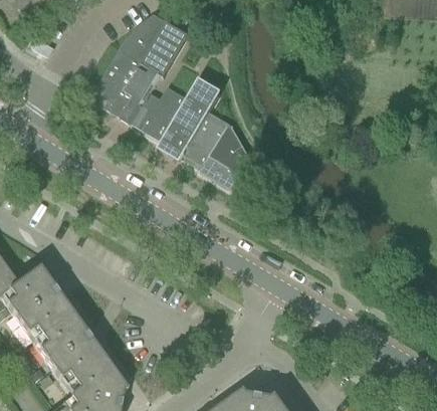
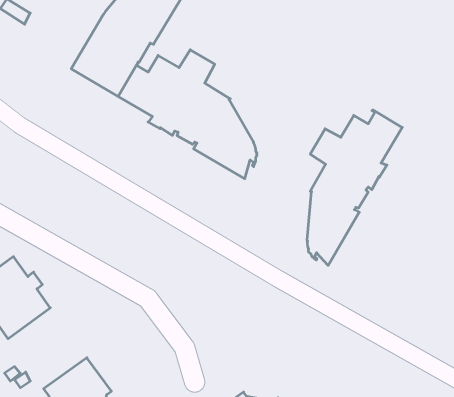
building: none -> [307,110,402,265]
building: [32,314,103,387] -> none

